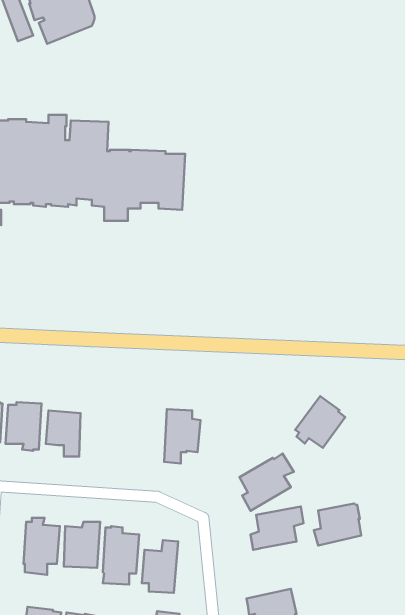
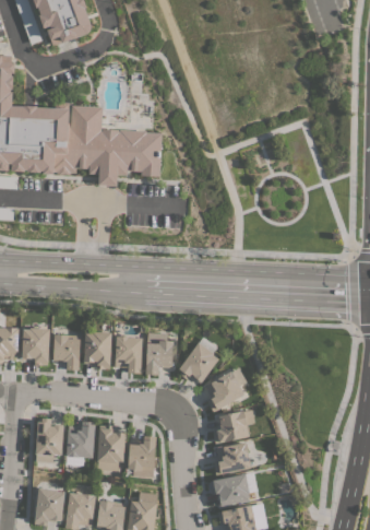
building: [295,396,345,448] -> [179,342,218,382]
building: none -> [83,331,111,368]
building: none -> [115,335,142,373]
building: [314,504,361,545] -> [213,441,250,474]

